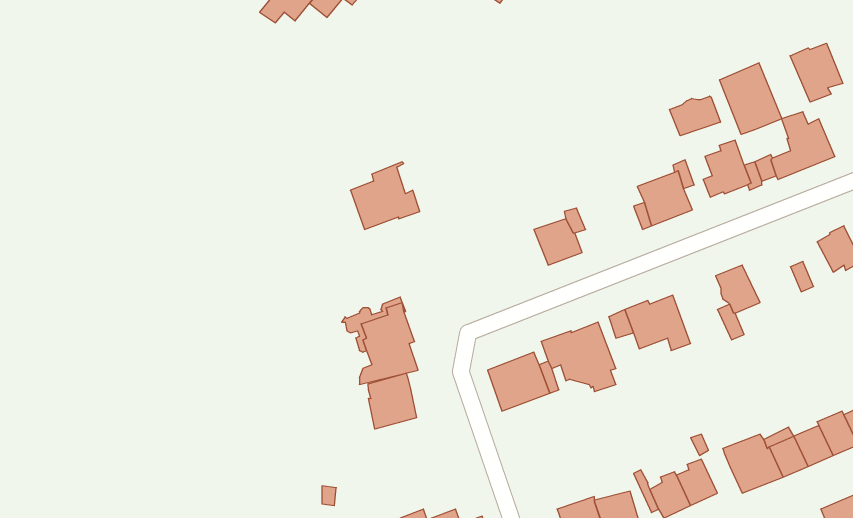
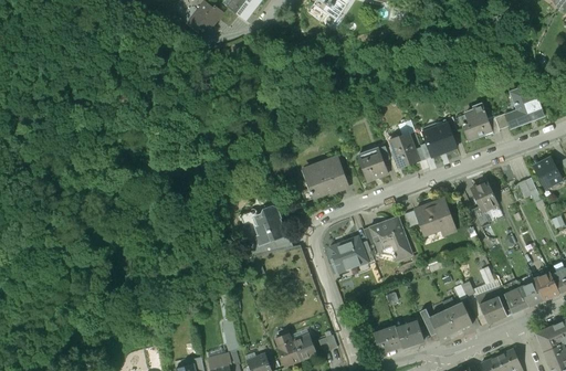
building: [790,43,843,102] -> none
building: [720,63,782,134] -> none
building: [670,96,720,136] -> none
building: [350,162,420,229] -> [305,156,348,198]
building: none -> [389,132,419,168]
building: [368,373,416,429] -> none

